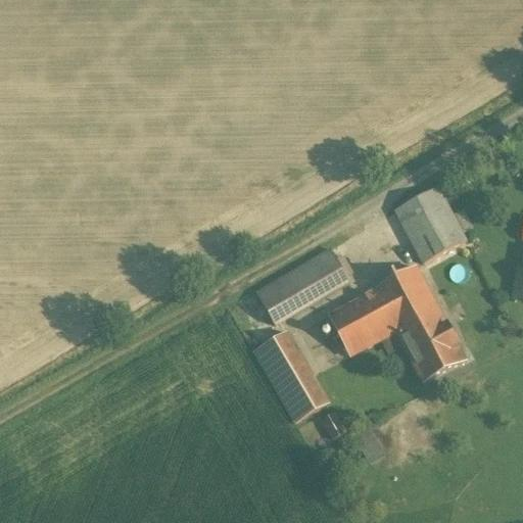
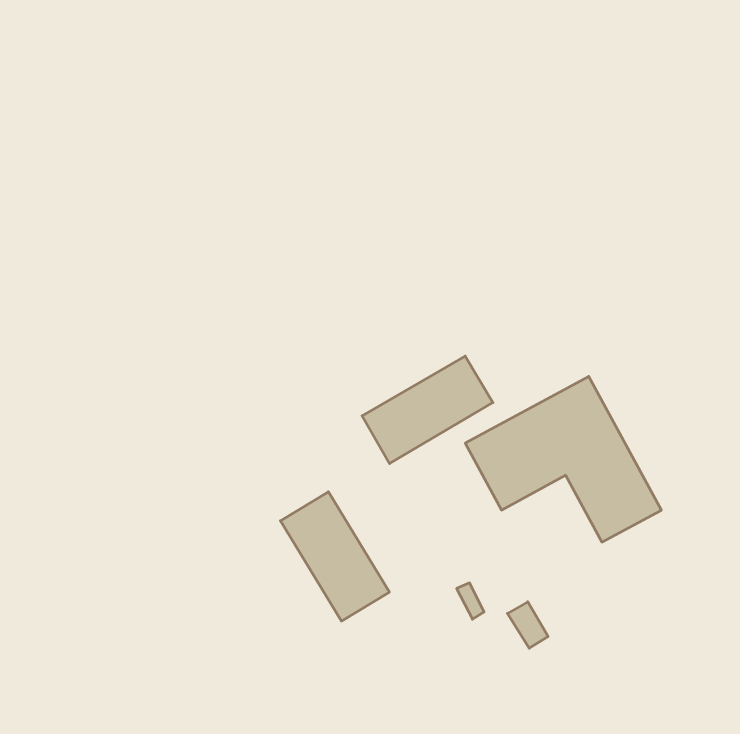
building: [392,183,466,260] -> none
building: [255,327,332,418] -> [280,492,389,621]

